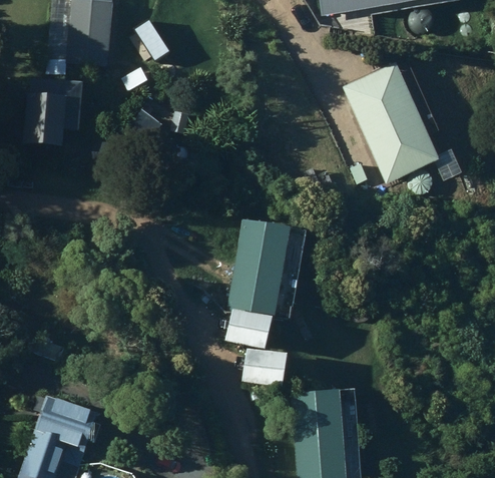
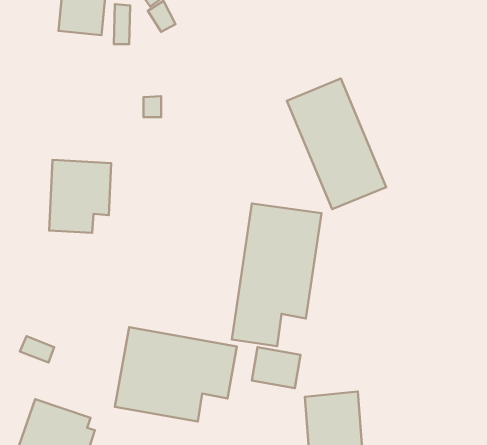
building: [343,70,433,188] -> [287,79,386,209]
building: [25,78,81,144] -> [49,160,111,233]
building: none -> [115,327,237,422]

